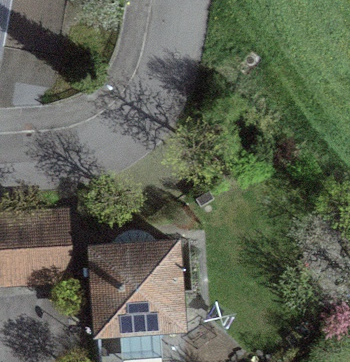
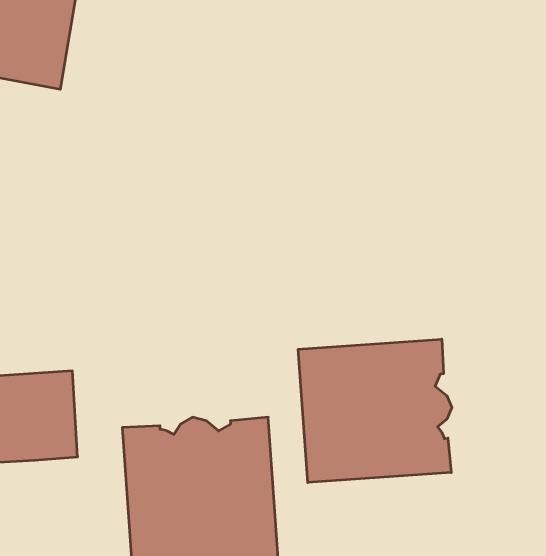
building: none -> [298,339,452,483]

